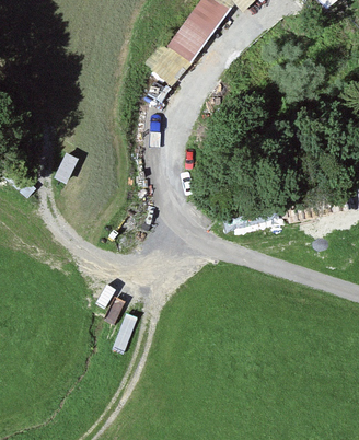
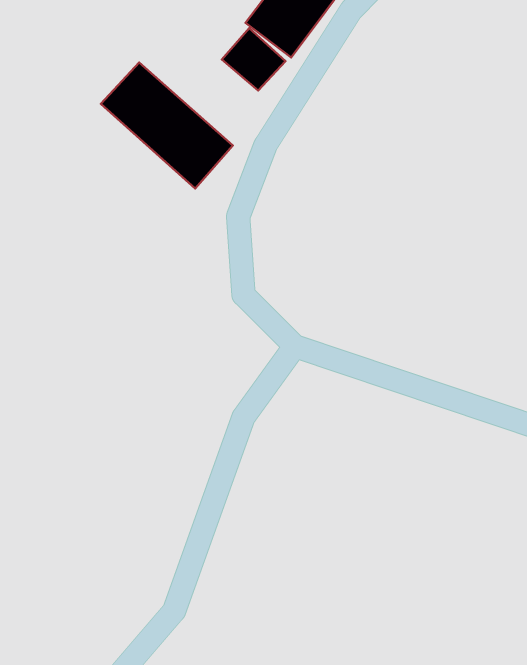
building: none -> [101,63,233,188]

